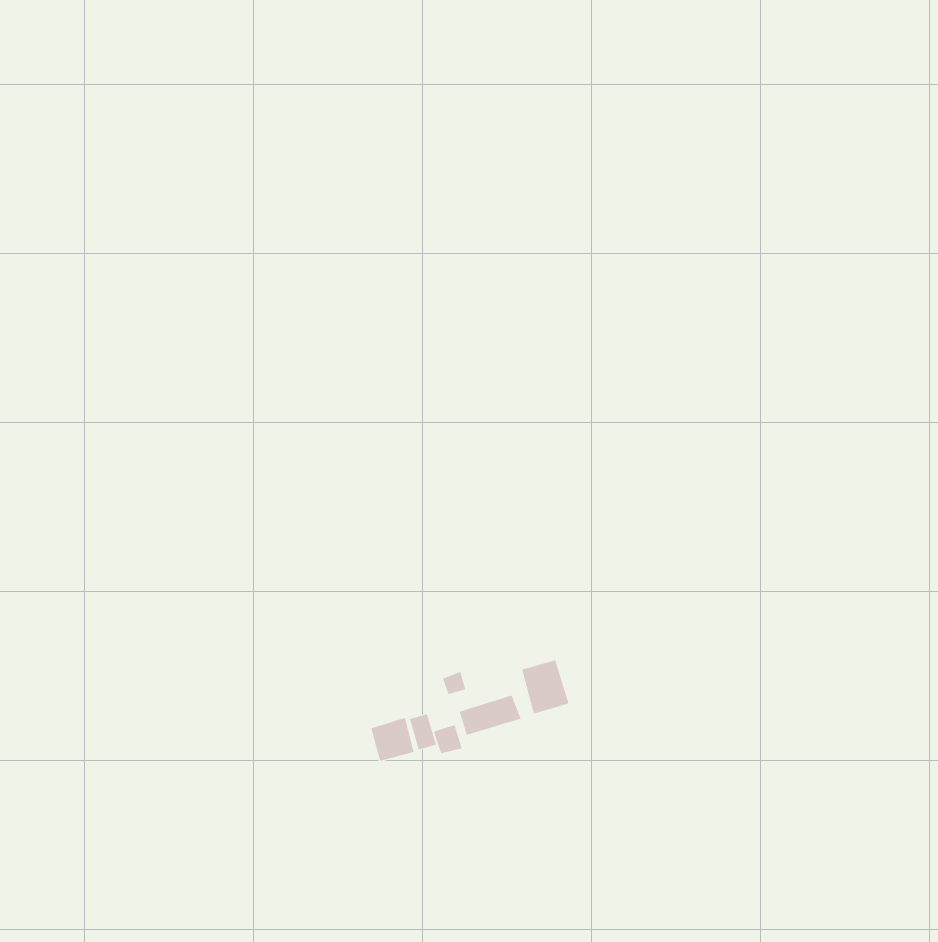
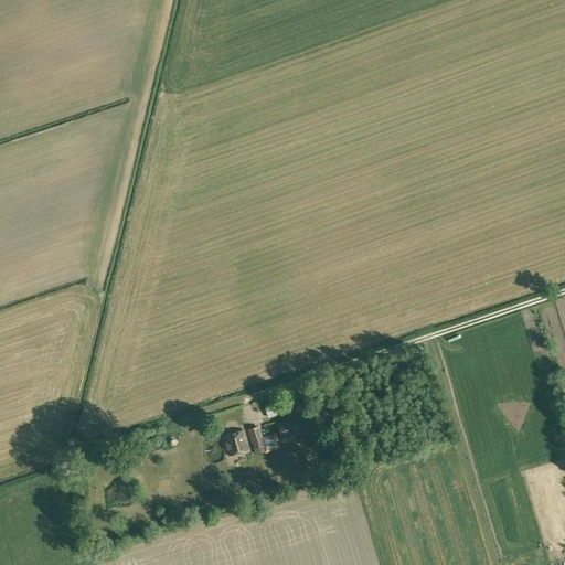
building: [522,659,569,715] -> none

